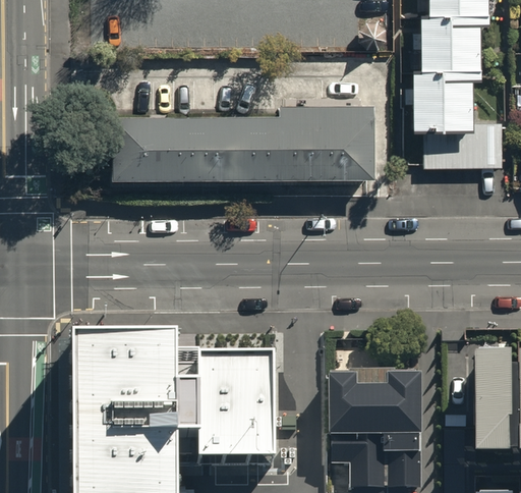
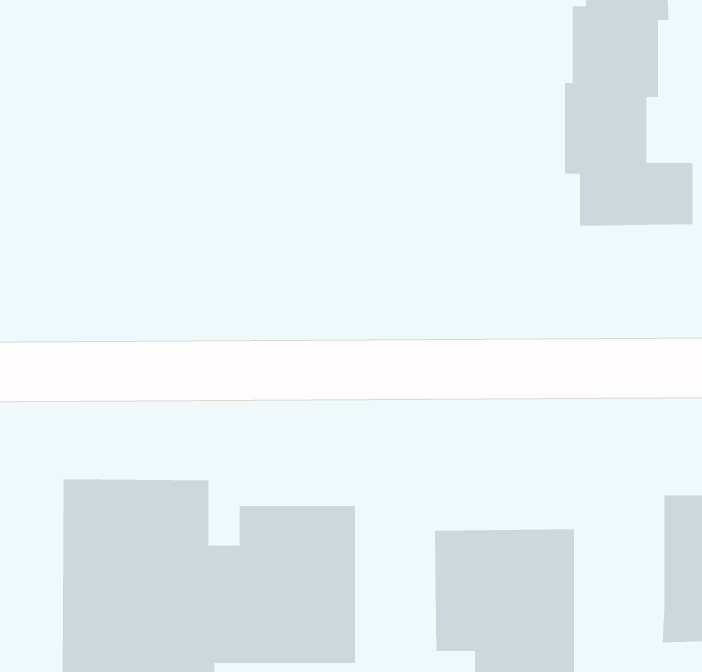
building: [116,113,372,179] -> none

